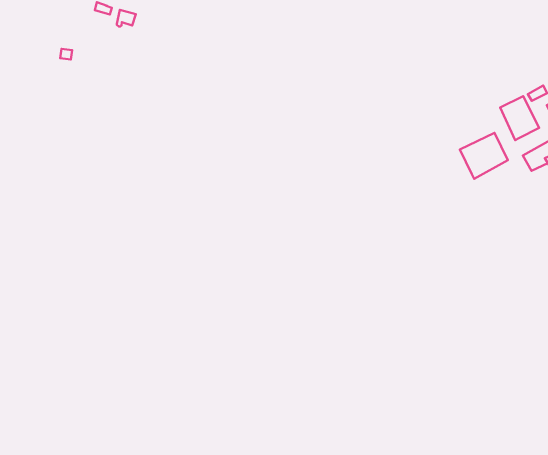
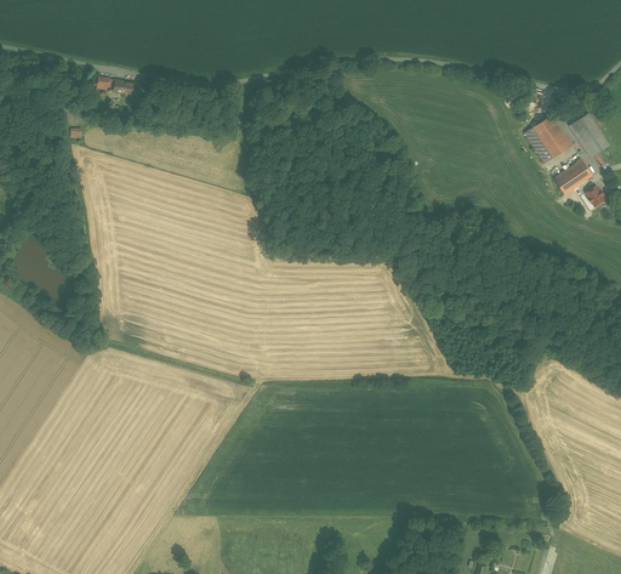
building: [460,133,508,179] -> none

